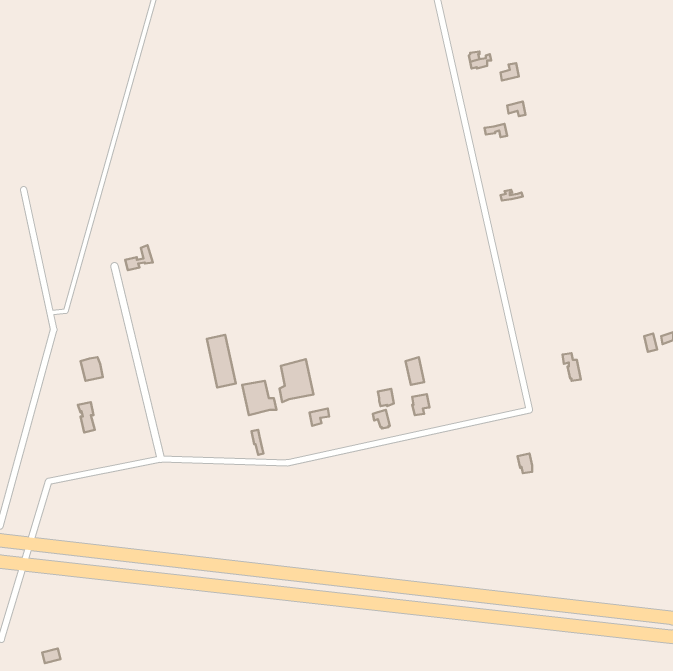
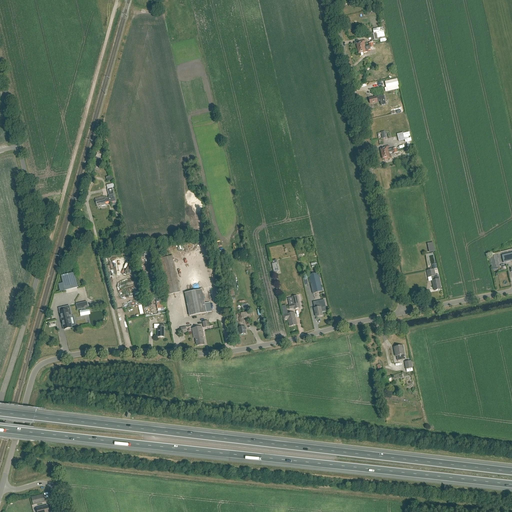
building: [279,359,314,402] -> none

